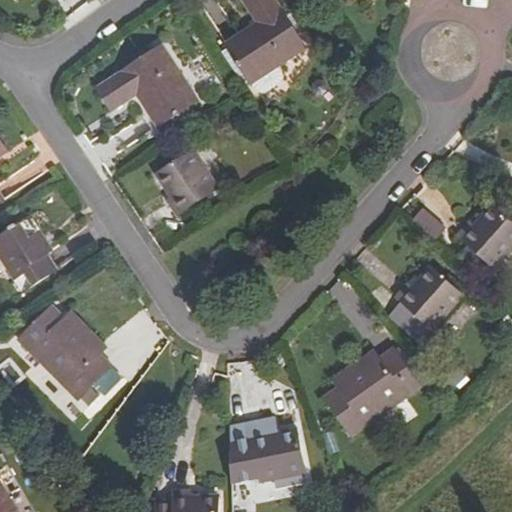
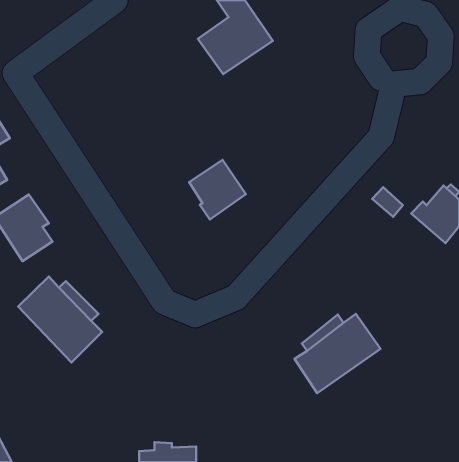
building: [95,45,195,125] -> none
building: [153,150,216,216] -> [189,160,246,219]
building: [395,269,461,331] -> none
building: [225,428,305,486] -> none

